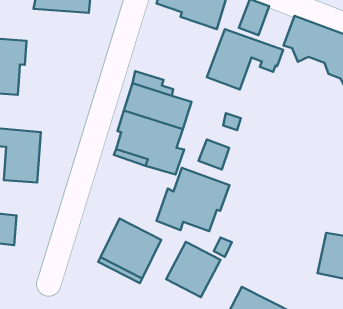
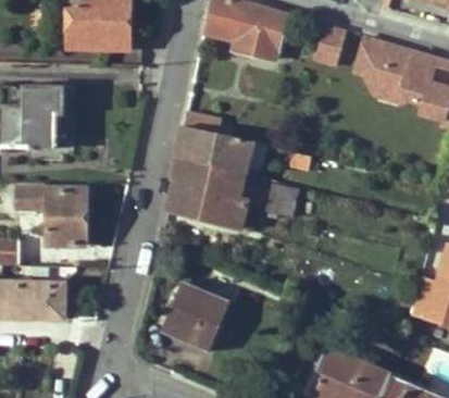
building: [207,29,283,89] -> none
building: [157,168,230,231] -> none
building: [166,242,221,297] -> none

